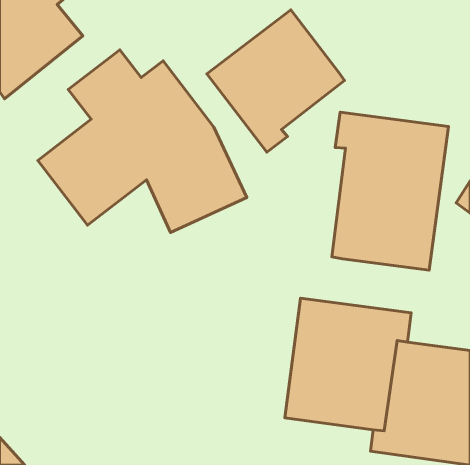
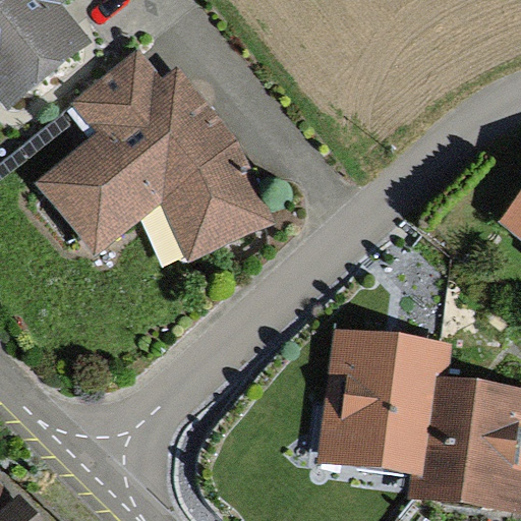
building: [207,10,345,152] -> none
building: [332,112,448,270] -> none

